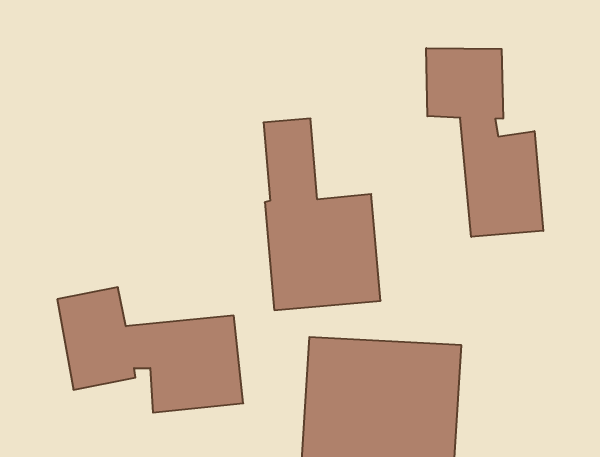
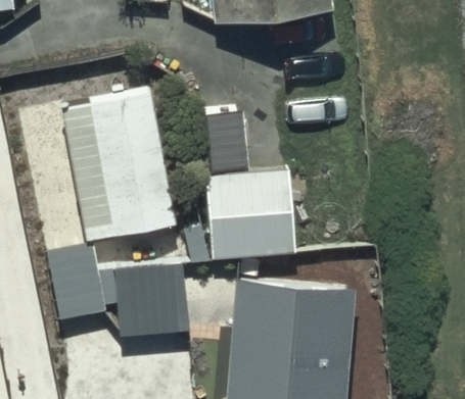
building: [426,48,543,237] -> none
building: none -> [58,80,171,228]

